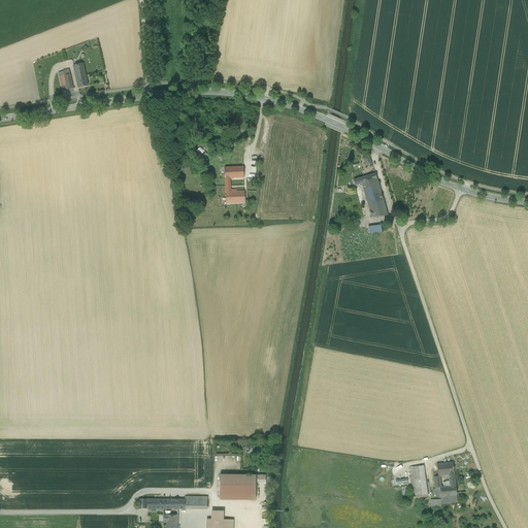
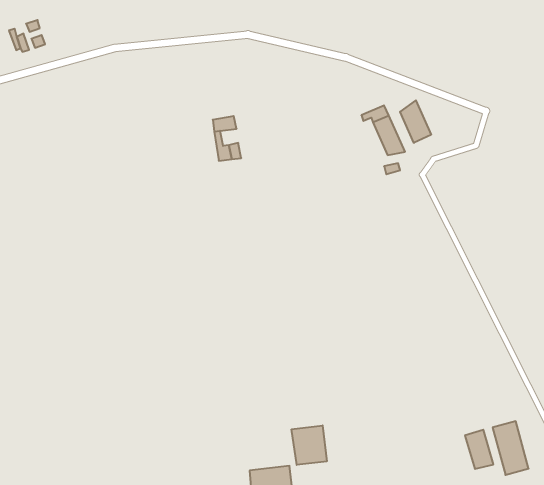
building: none -> [400,100,431,143]
building: none -> [292,425,327,465]

